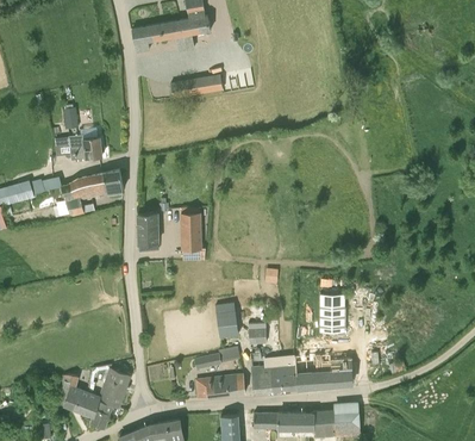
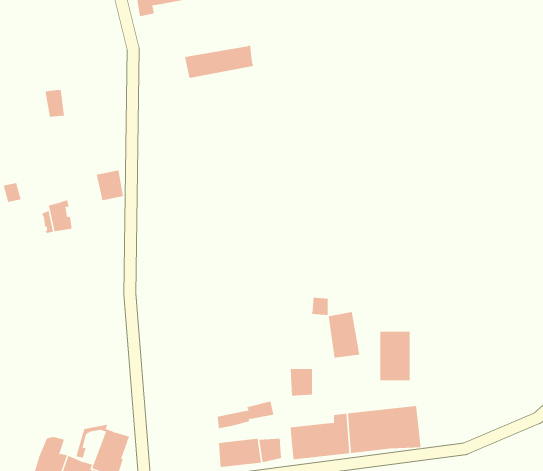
building: [54,135,101,160] -> none
building: [69,173,106,198] -> none
building: [137,211,156,243] -> none
building: [181,213,200,249] -> none
building: [217,300,242,336] -> [328,312,360,358]

